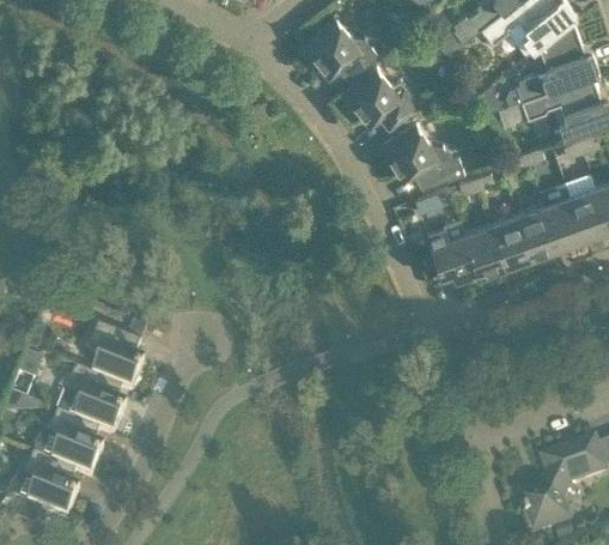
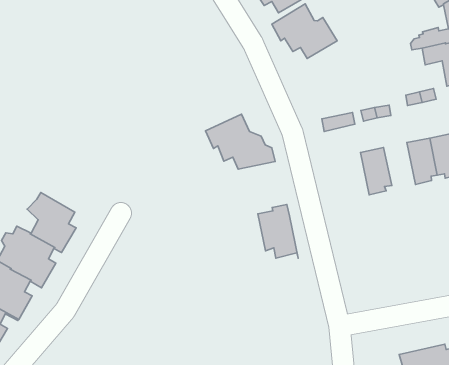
building: [377,122,463,187] -> [205,114,275,169]
building: [491,212,534,266] -> none
building: [427,218,481,283] -> [258,204,298,258]

